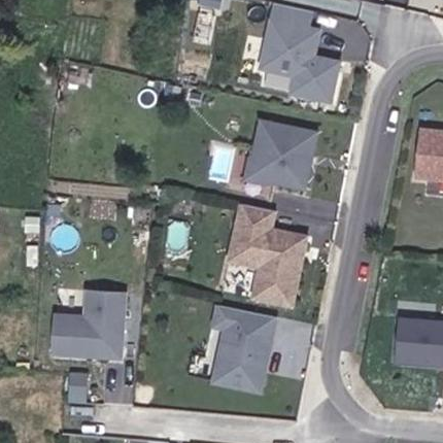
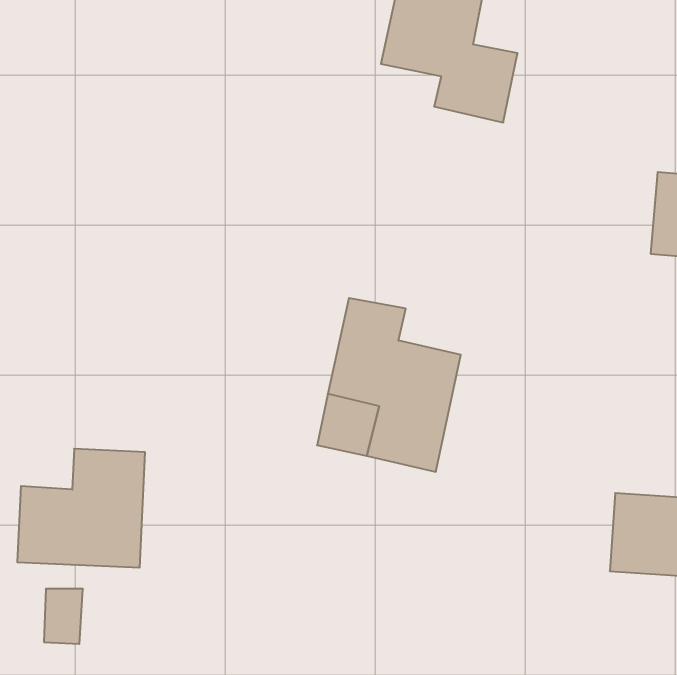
building: [249,123,316,190] -> none
building: [215,305,275,389] -> none

